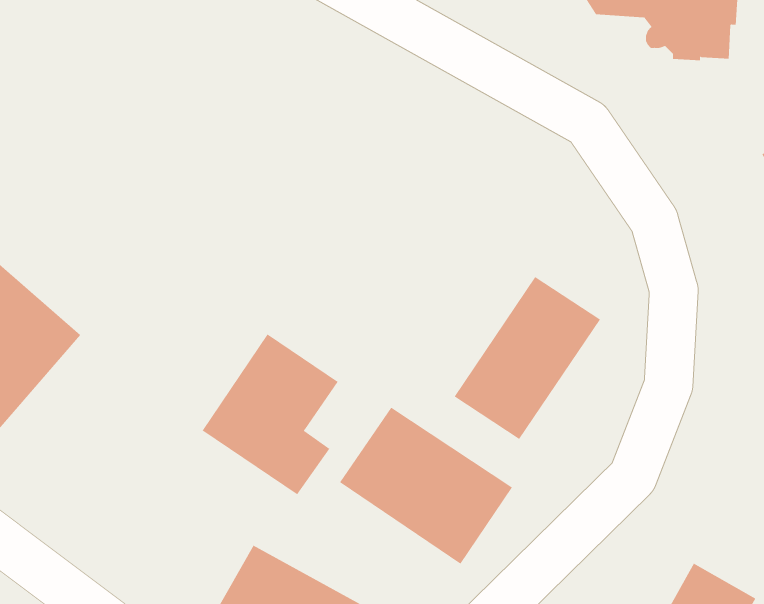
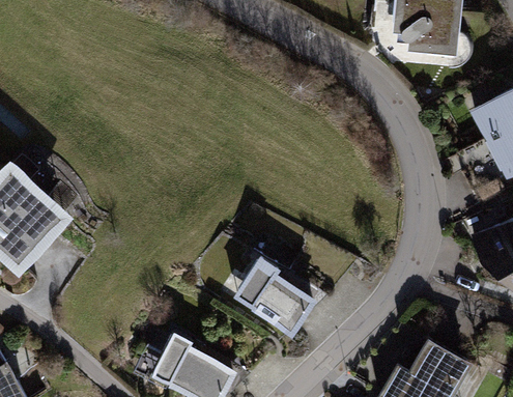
building: [454,276,601,440] -> none
building: [202,333,338,495] -> none

